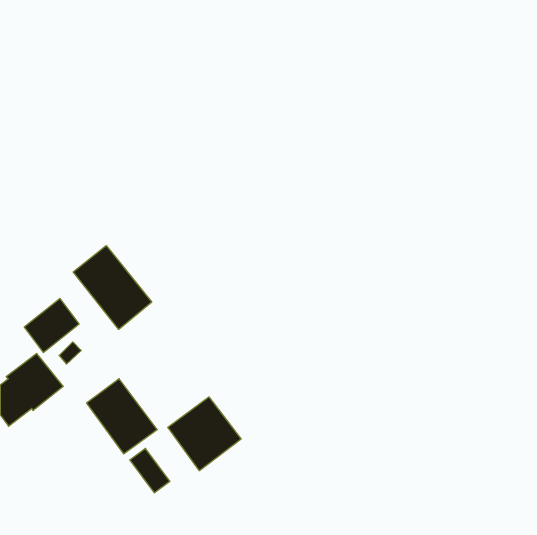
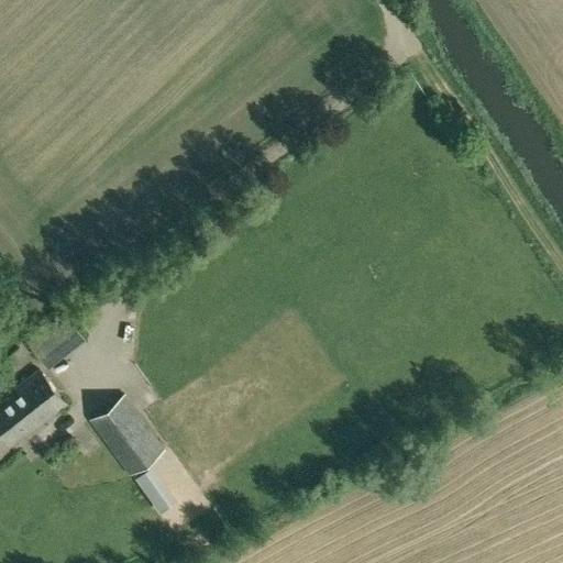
building: [73,246,152,329] -> none
building: [168,397,241,471] -> none

